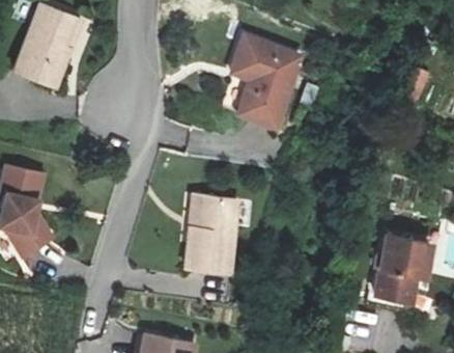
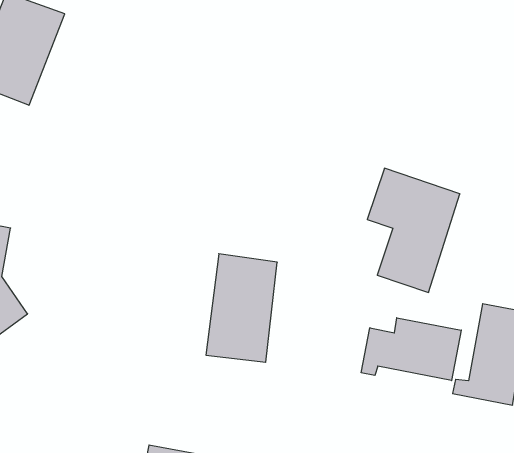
building: [233,44,301,134] -> [367,168,460,292]
building: none -> [361,318,461,381]

